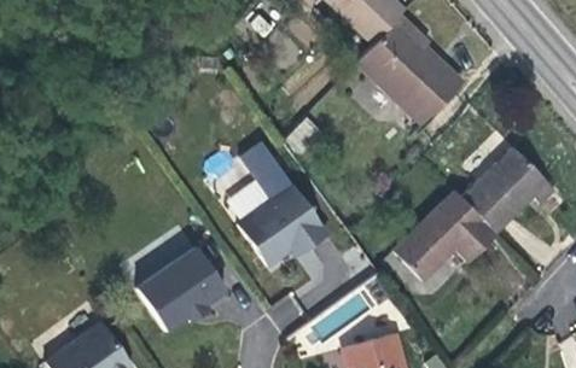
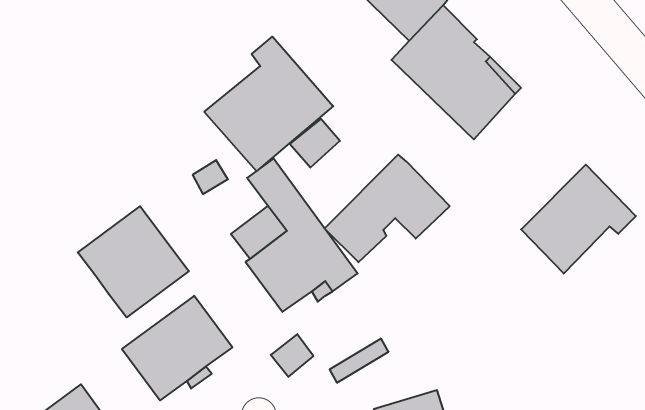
building: none -> [204,37,333,171]
building: none -> [78,206,189,317]
building: [395,192,498,280] -> [324,155,450,262]

